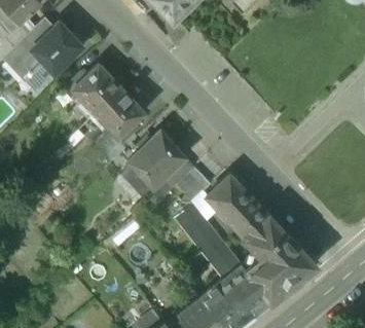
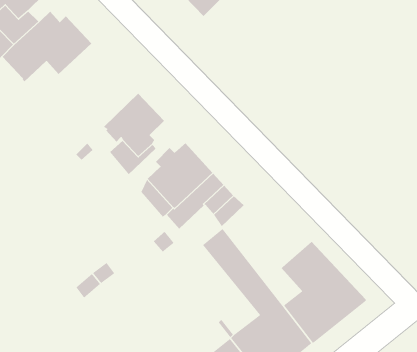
building: [67,65,120,117] -> none
building: [205,174,267,236] -> none

